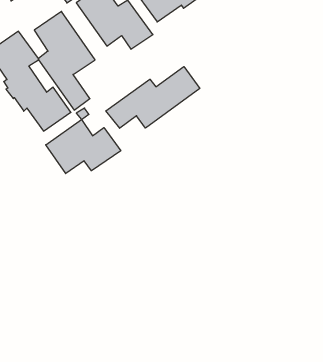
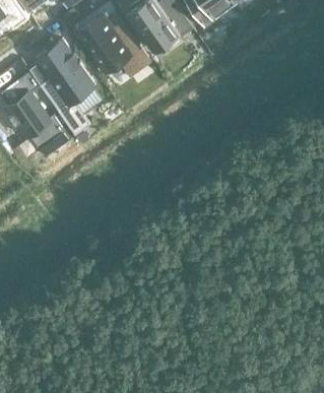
building: [106,67,200,128] -> none
building: [46,120,121,174] -> none

